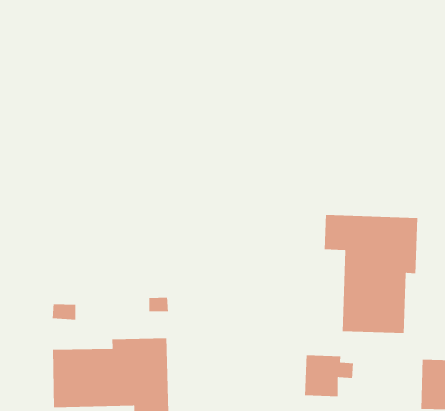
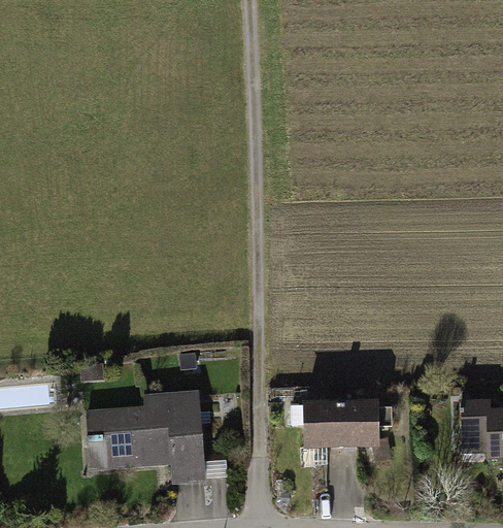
building: [324,214,418,334] -> none
building: none -> [293,400,343,443]

